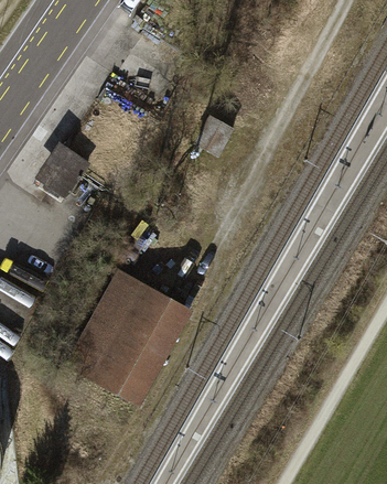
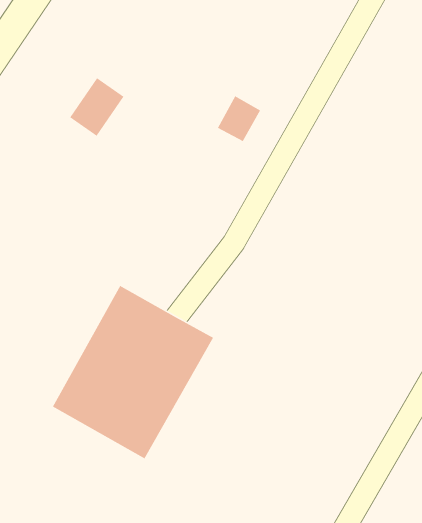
building: [41,148,85,195] -> [69,77,125,137]

